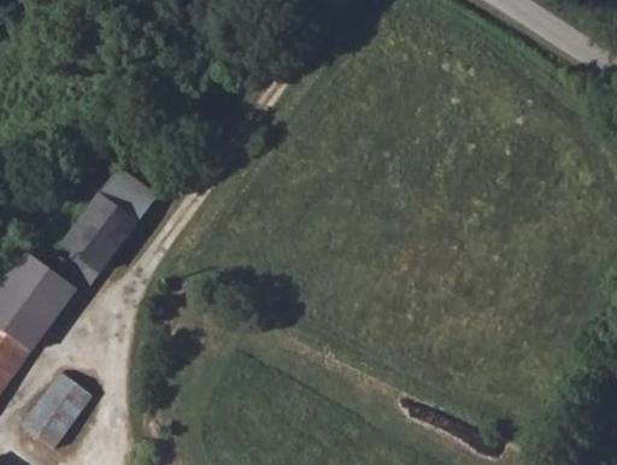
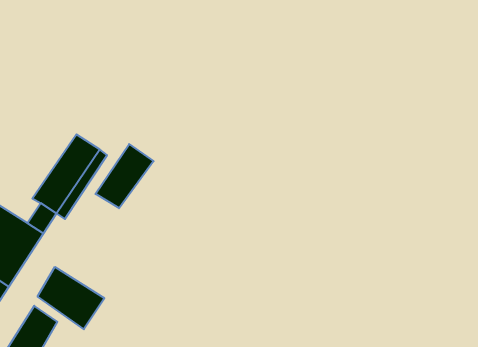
building: none -> [95,144,154,208]
building: none -> [38,267,104,329]

